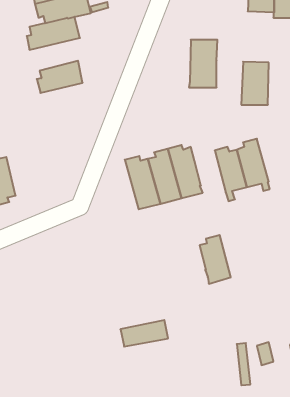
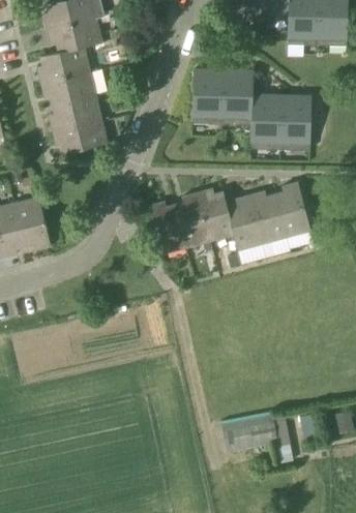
building: none -> [40,67,103,104]
building: none -> [191,68,222,123]
building: none -> [250,93,281,143]
building: none -> [53,116,115,153]
building: none -> [14,197,51,248]
building: [200,235,231,284] -> [227,194,262,249]
building: [120,320,168,347] -> [222,420,276,450]

